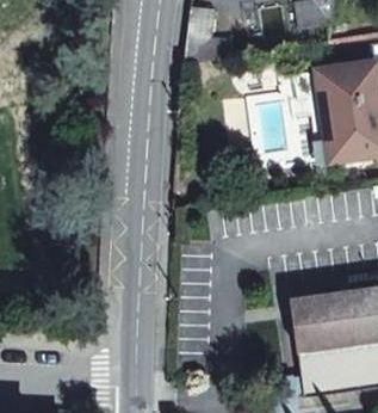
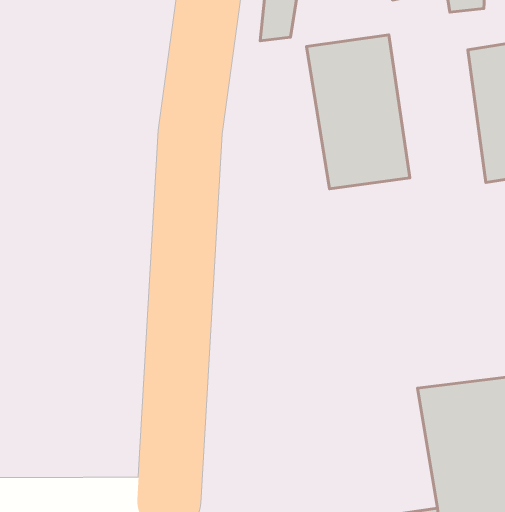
building: none -> [307,35,410,189]

